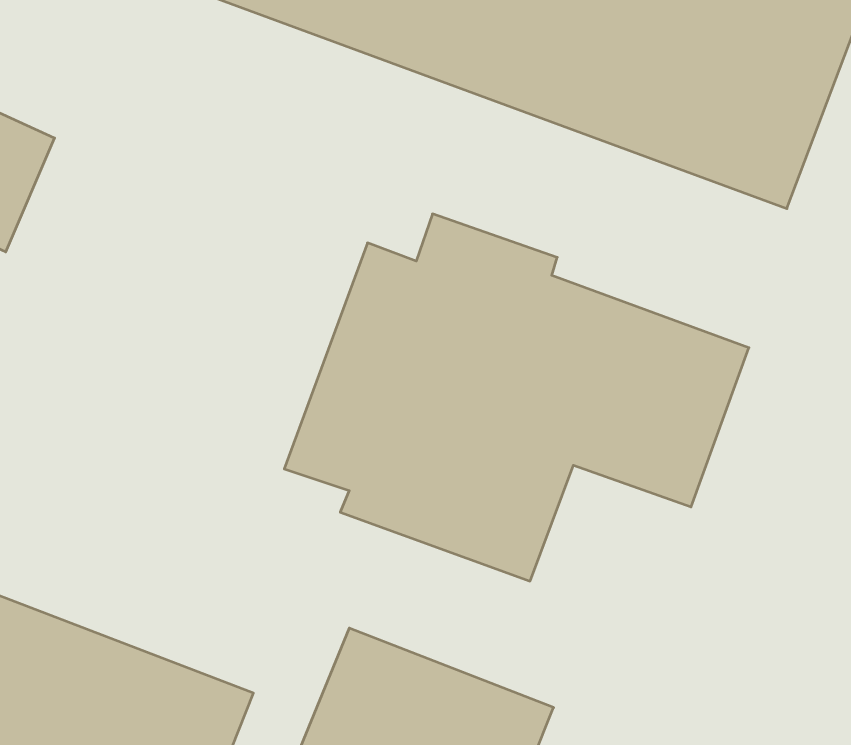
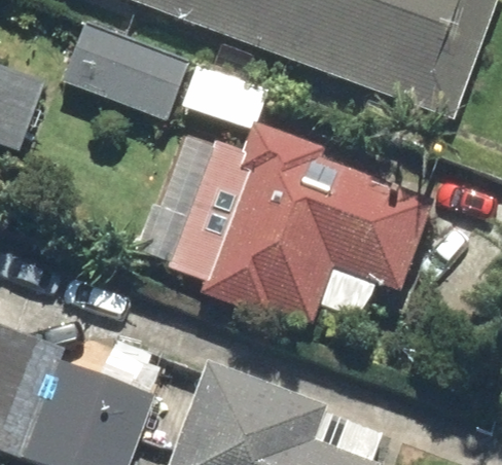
building: none -> [62,28,181,115]

